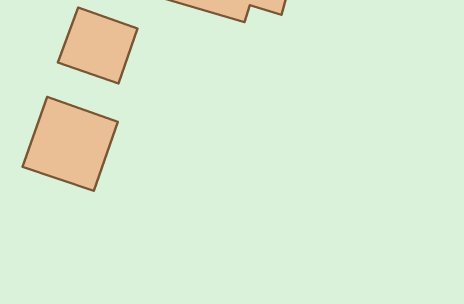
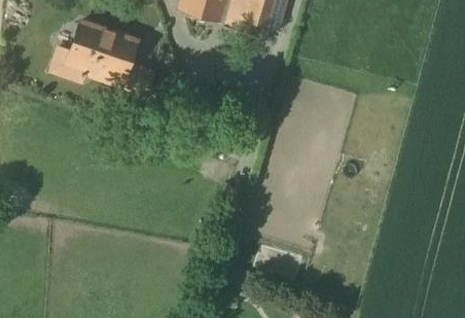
building: [22,97,118,191] -> none

